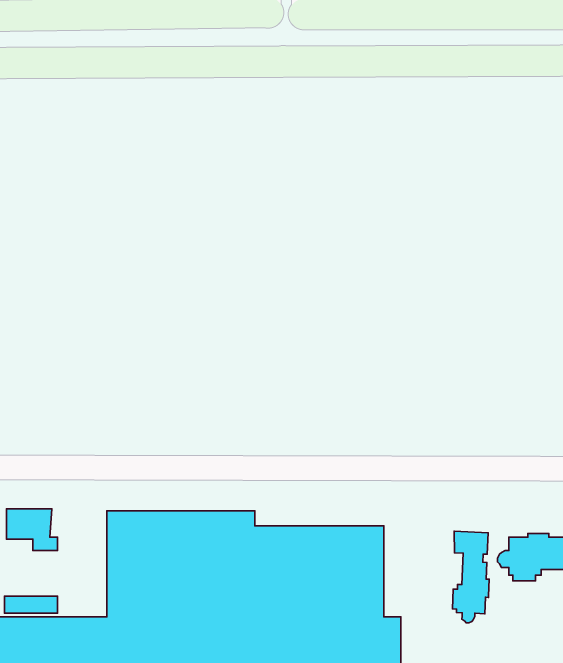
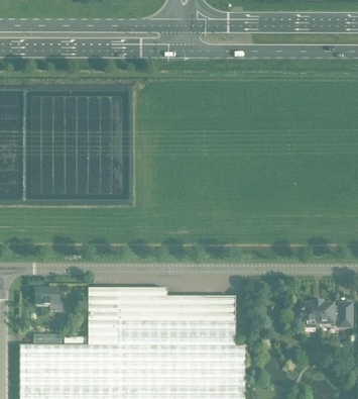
building: [452,531,489,623] -> none

